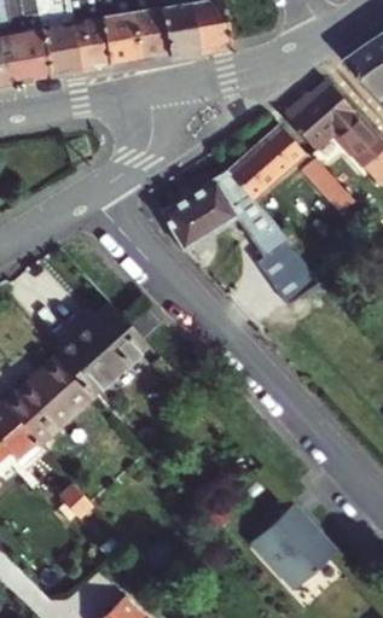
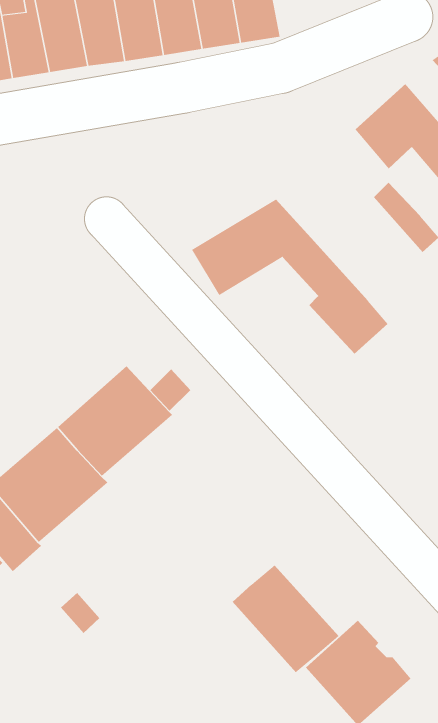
building: [226,126,304,202] -> none
building: none -> [232,565,340,673]

